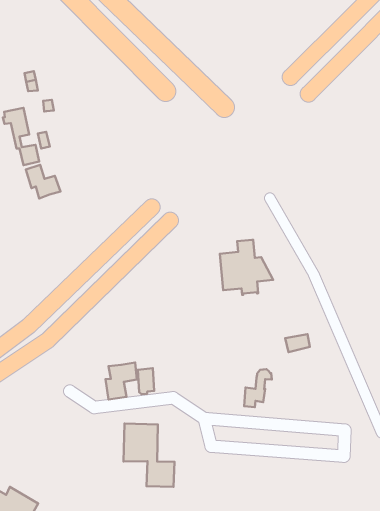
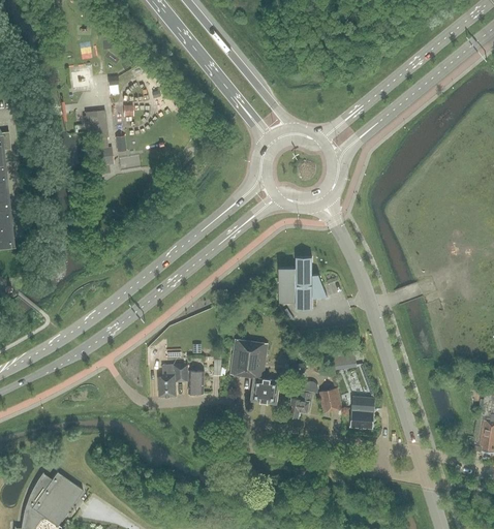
building: [26,165,61,199] -> none
building: none -> [320,387,342,412]
building: none -> [350,396,375,428]
building: [124,423,174,487] -> [231,339,280,404]

